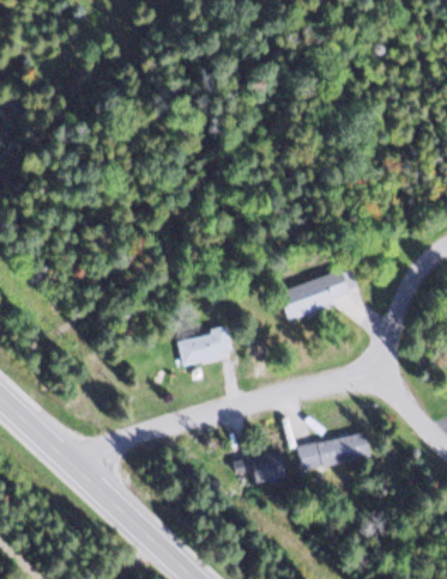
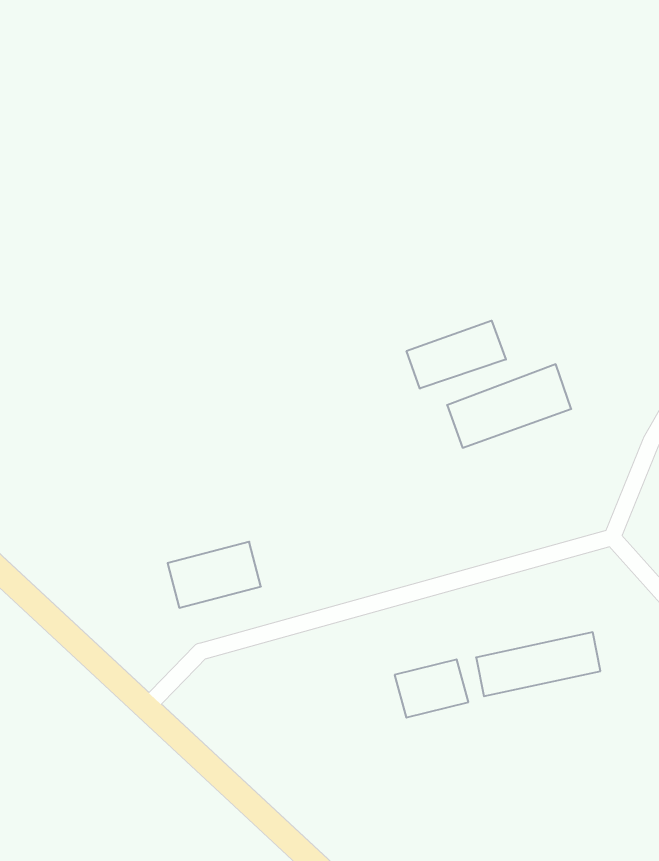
building: none -> [407,321,506,389]
building: [176,324,234,365] -> [168,542,261,608]

